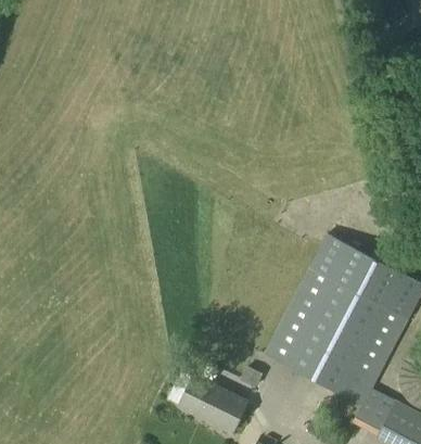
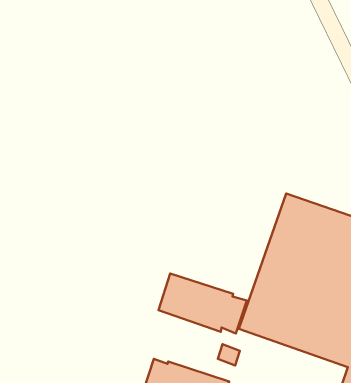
building: none -> [159,273,247,333]

